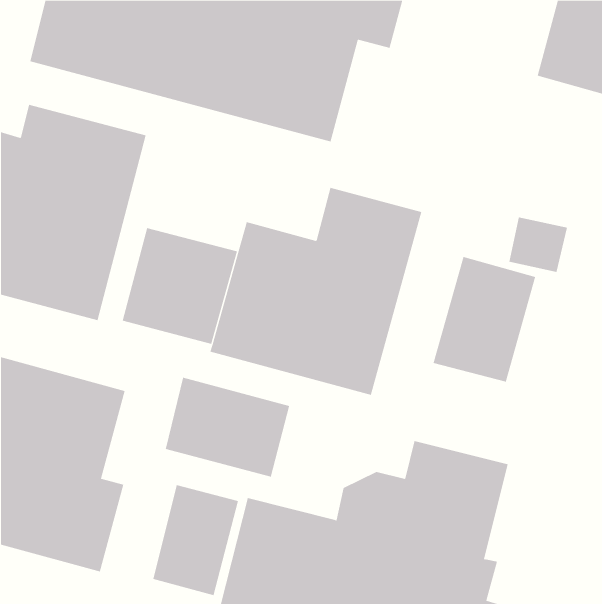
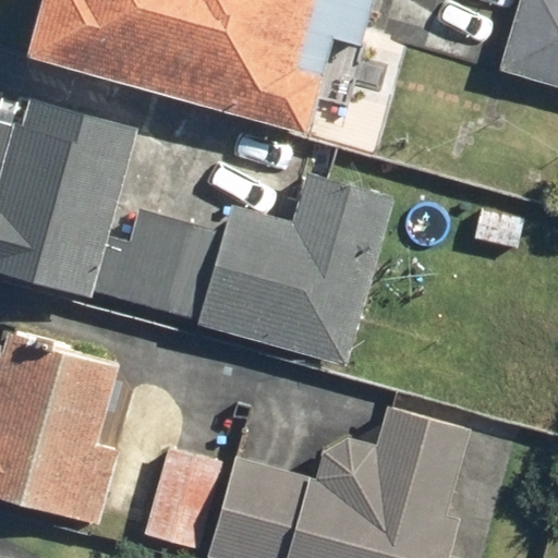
building: [433,256,536,382] -> none
building: [165,377,290,477] -> none

